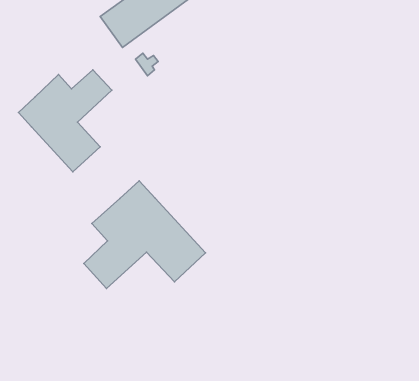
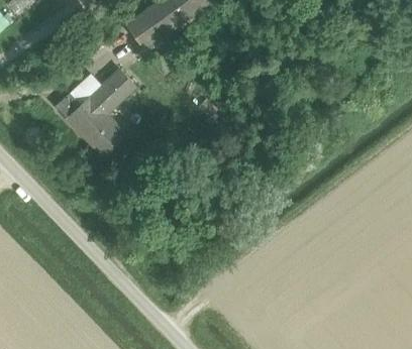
building: [84,181,205,289] -> none

